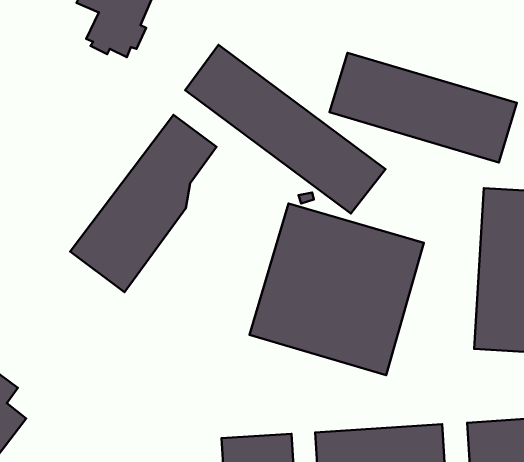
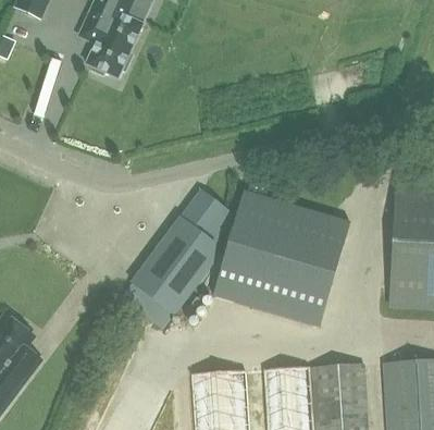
building: [185,45,386,213] -> none
building: [329,53,517,162] -> none
building: [70,115,217,292] -> [121,189,235,328]

